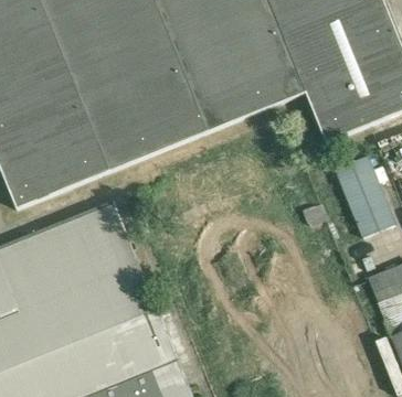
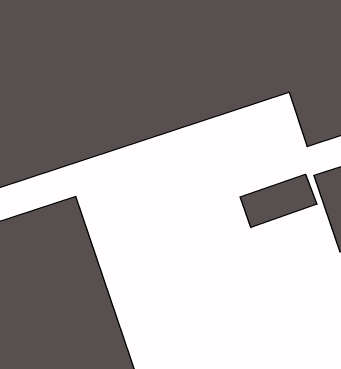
building: none -> [240,174,317,228]

